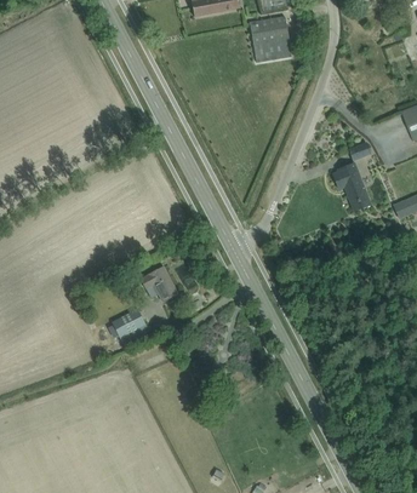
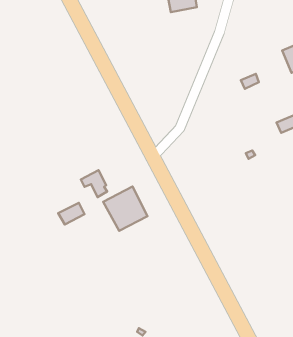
building: [332,164,371,208] -> none
building: none -> [103,186,148,231]

